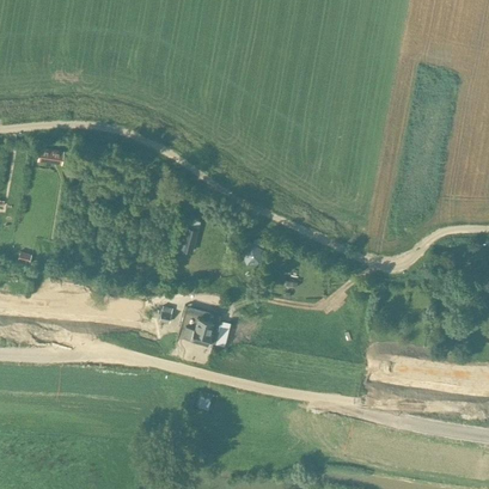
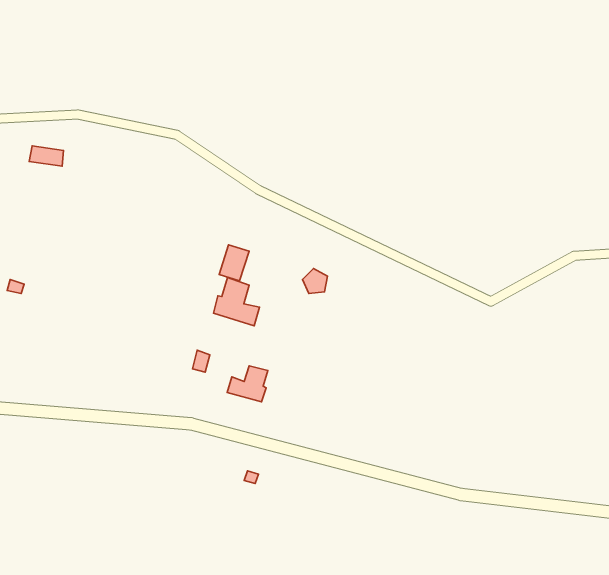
building: none -> [213,278,260,326]

